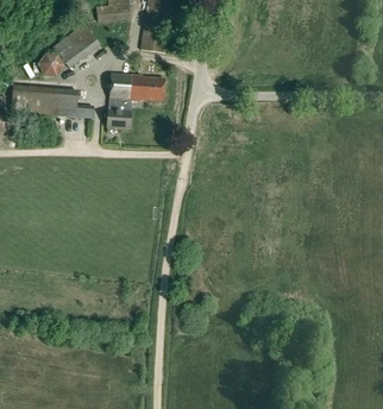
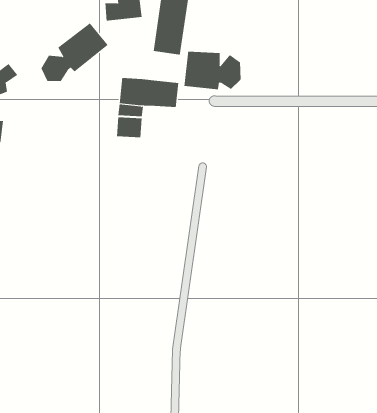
building: none -> [184,51,241,90]
building: [11,83,94,118] -> none

